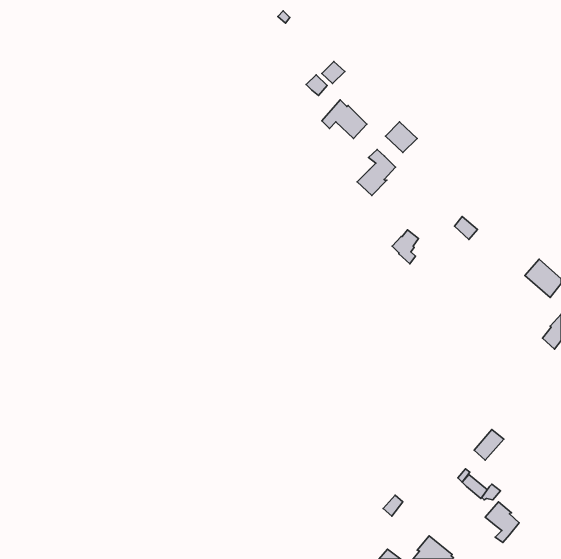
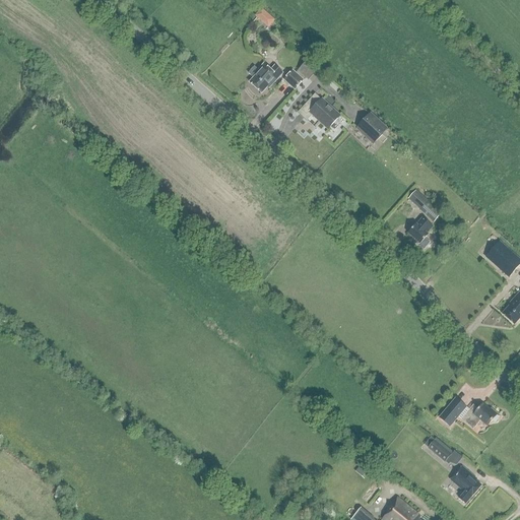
building: none -> [249,63,282,92]
building: [357,149,395,196] -> none
building: [392,230,419,264] -> [407,216,432,248]
building: none -> [460,402,499,428]

